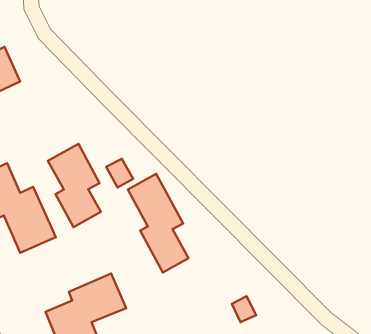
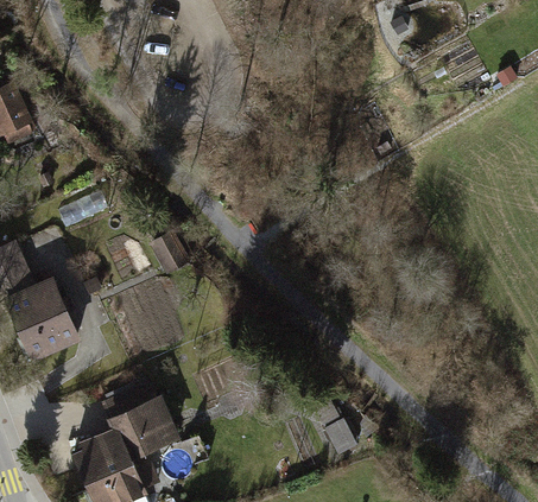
building: [48,144,101,227] -> none
building: [128,174,188,273] -> none

